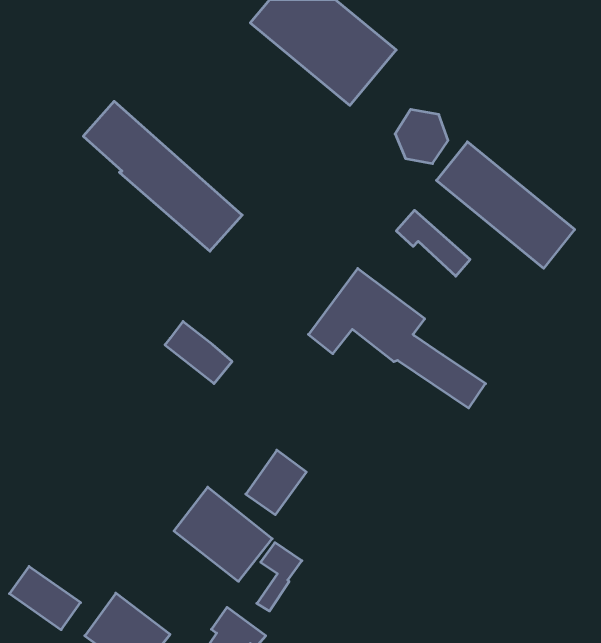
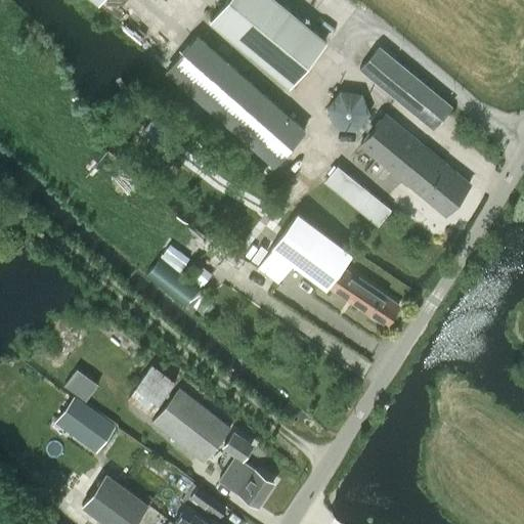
building: none -> [362,49,452,131]
building: [83,101,242,251] -> [181,43,307,162]
building: [246,450,306,515] -> [127,366,175,418]
building: none -> [64,370,98,403]
building: [9,566,81,630] -> [58,400,115,450]
building: none -> [228,465,273,509]

